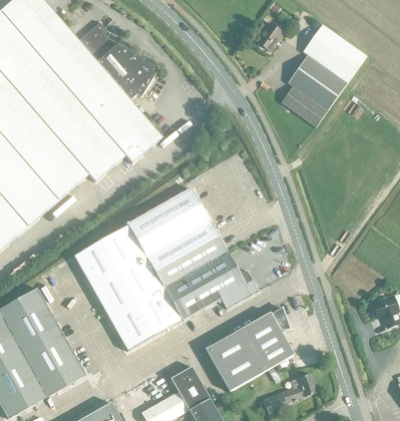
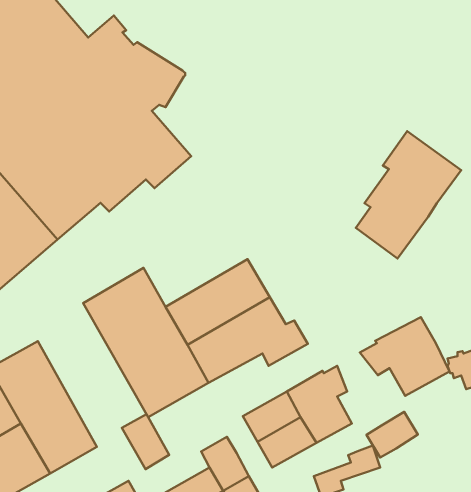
building: [257,23,283,50] -> none
building: [281,23,367,127] -> [356,131,461,258]
building: [123,189,209,260] -> none
building: none -> [360,317,449,396]
building: none -> [366,412,418,457]
building: none -> [122,414,169,469]

